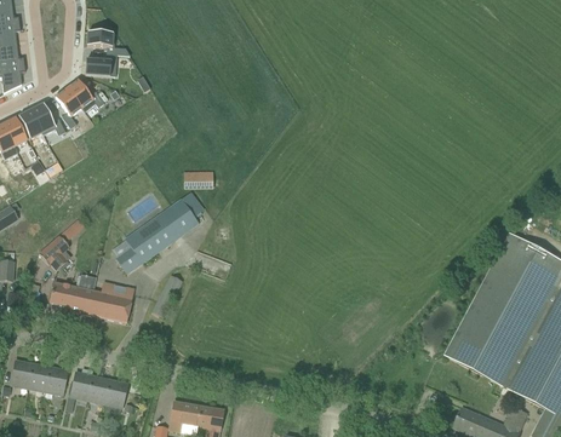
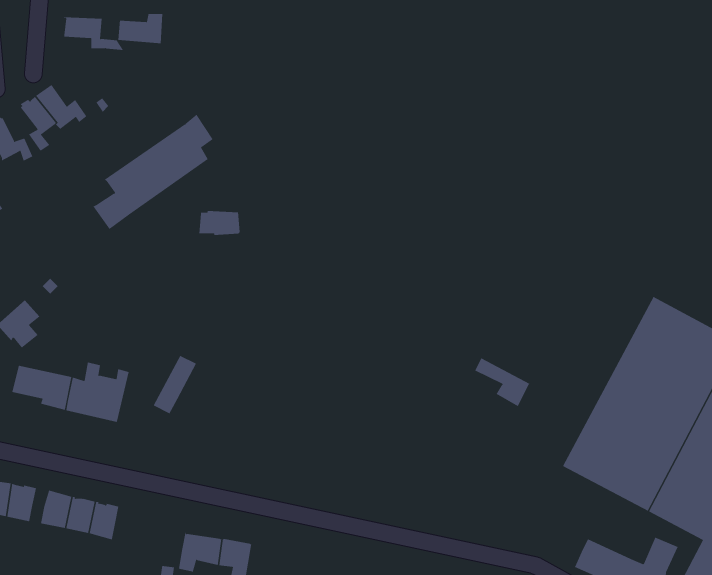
building: [84,54,116,76] -> [118,13,163,44]
building: [115,190,202,274] -> [92,114,214,230]
building: none -> [475,358,530,407]

